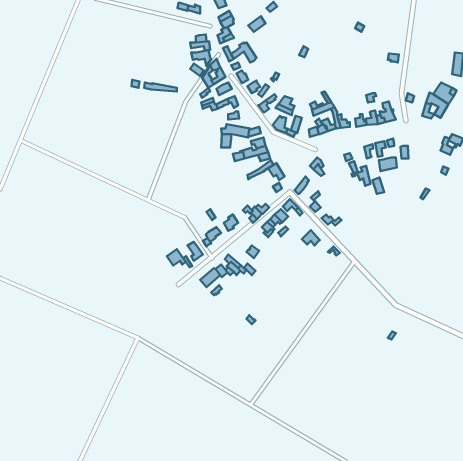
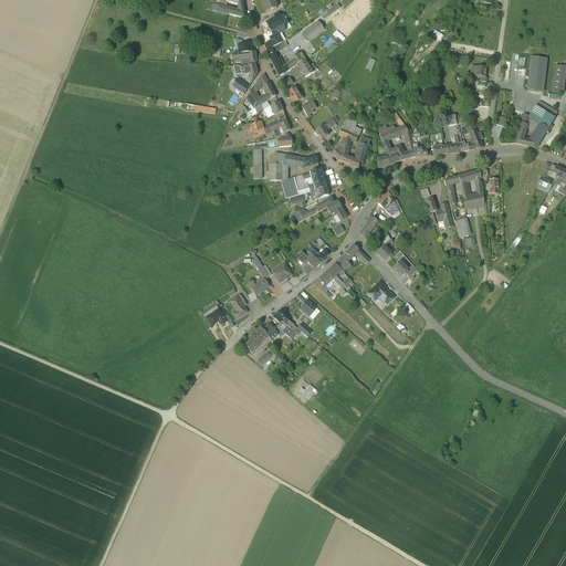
building: none -> [527,56,548,90]

